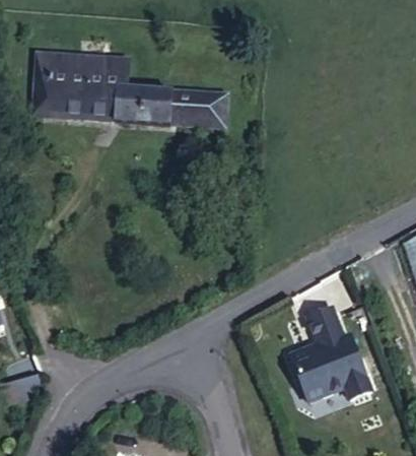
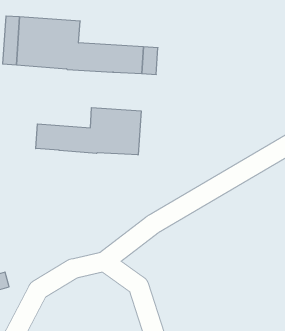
building: none -> [36,108,141,155]
building: [290,305,371,401] -> none

